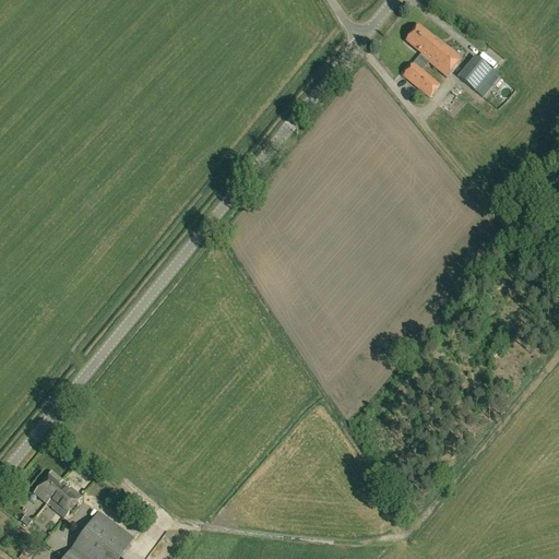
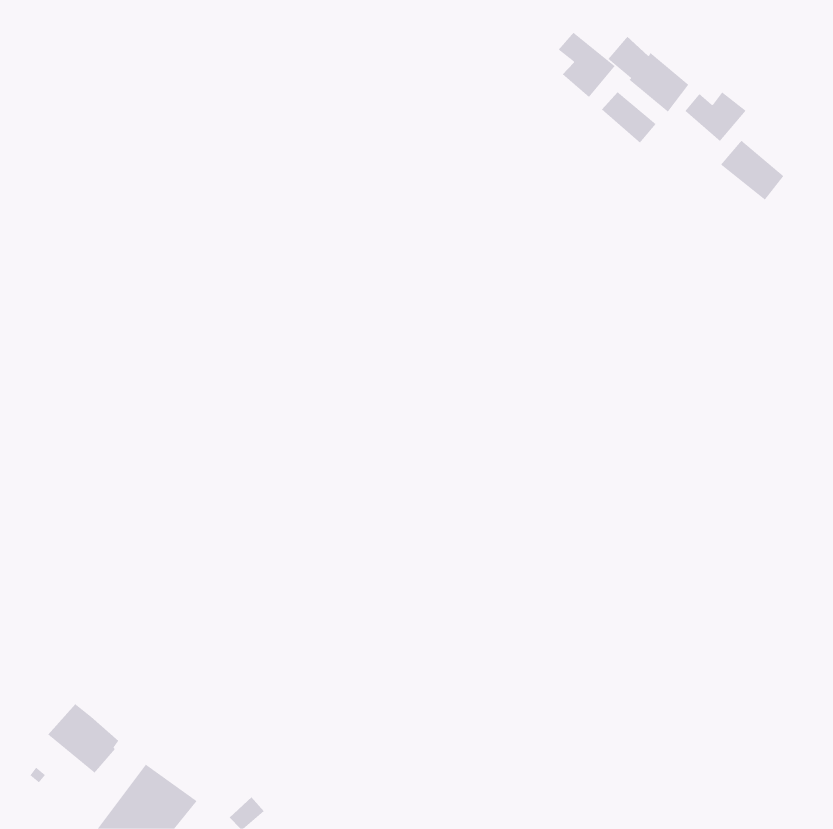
building: none -> [558,32,615,98]
building: none -> [720,140,784,200]

